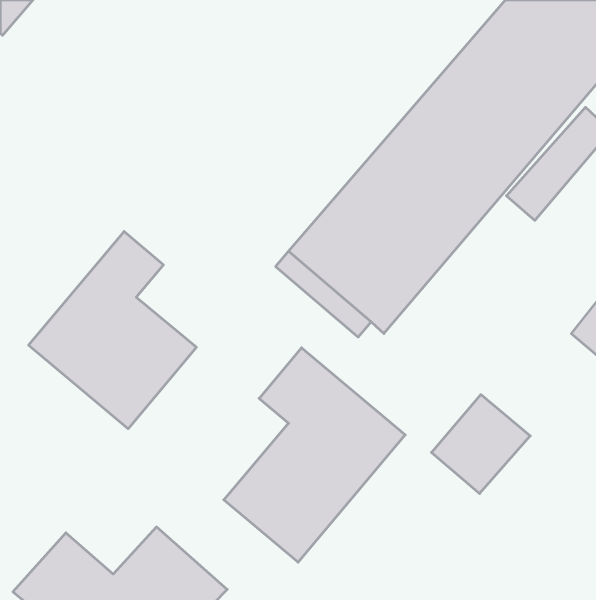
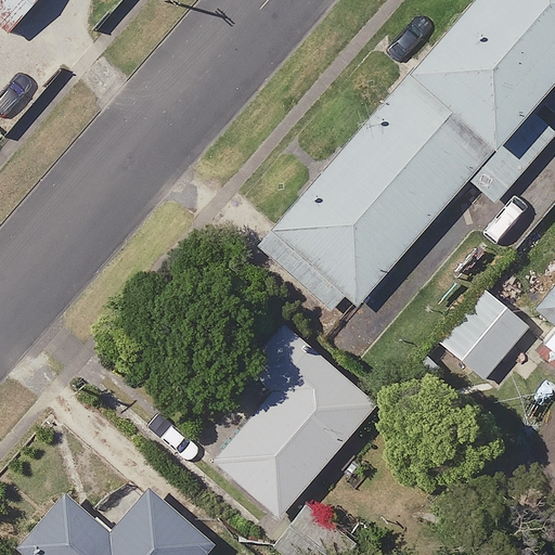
building: [29,231,196,429] -> none
building: [431,395,530,494] -> [441,289,532,380]

